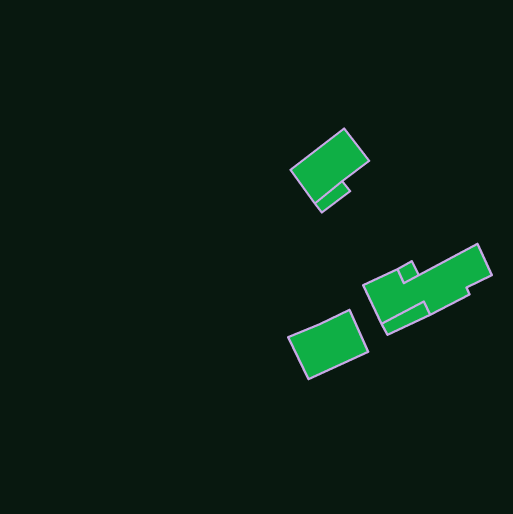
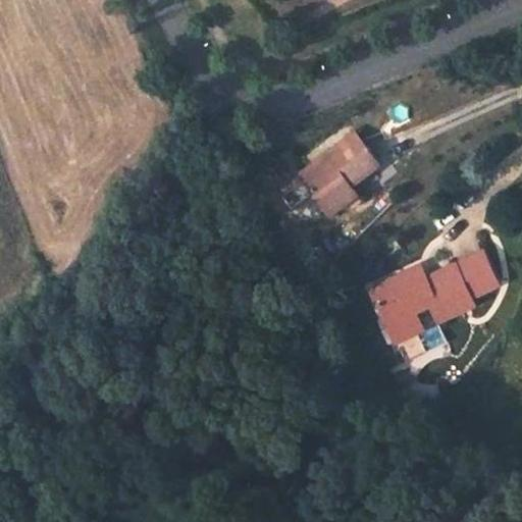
building: [288,310,368,379] -> none

